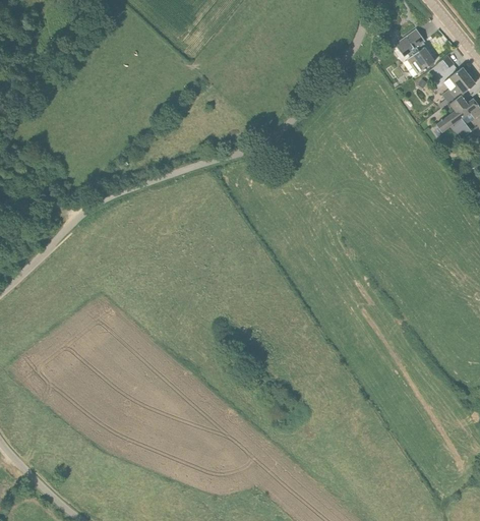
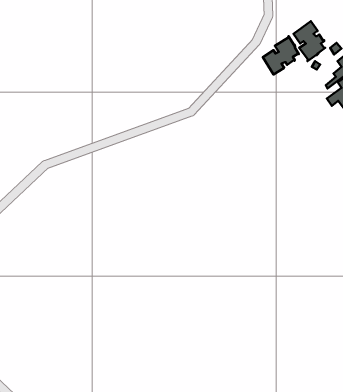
building: none -> [263,36,299,74]

